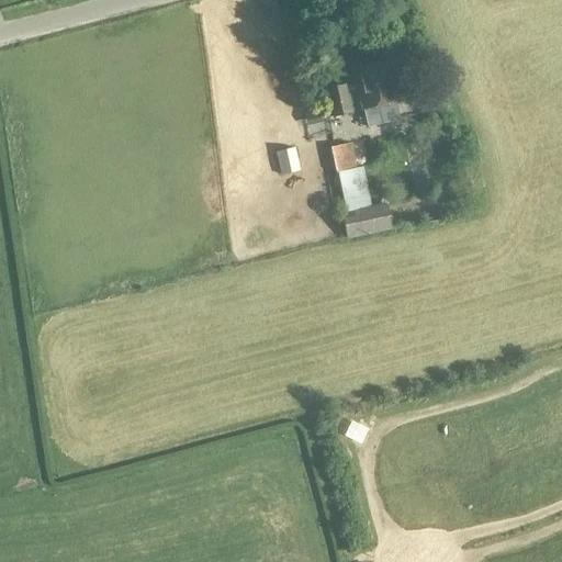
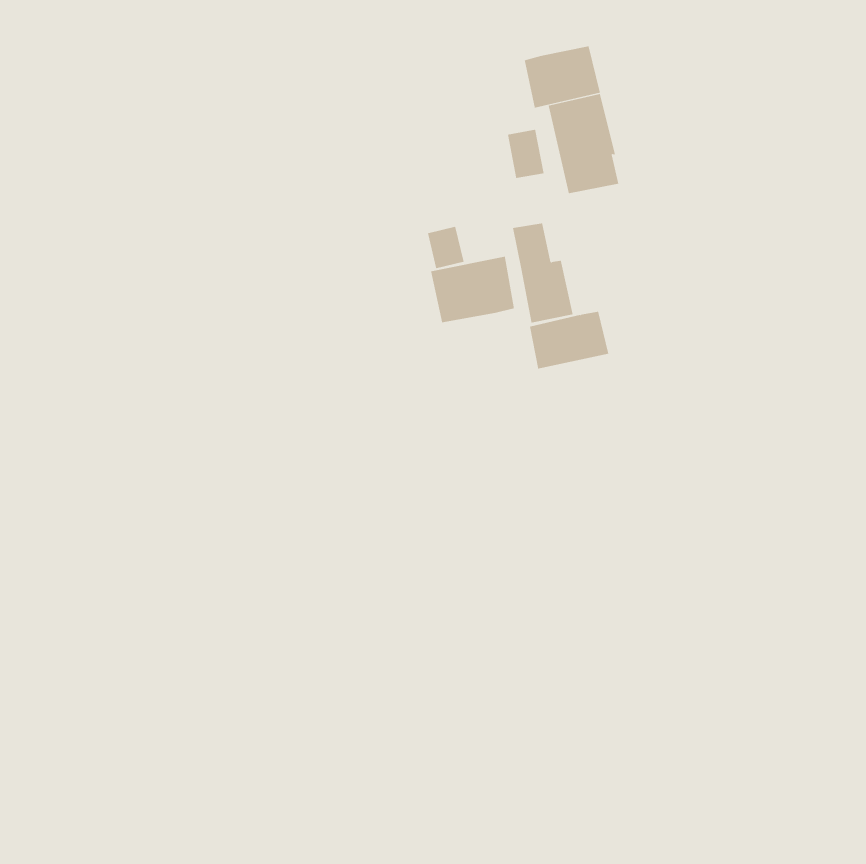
building: none -> [524,45,601,109]
building: none -> [431,256,515,323]

